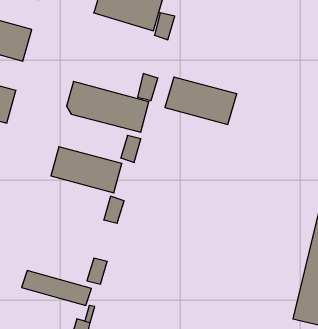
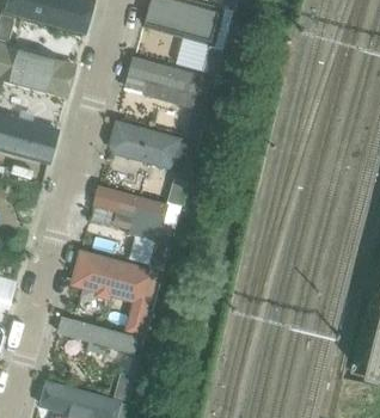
building: [165,77,237,124] -> [127,56,203,106]
building: none -> [75,252,151,302]

